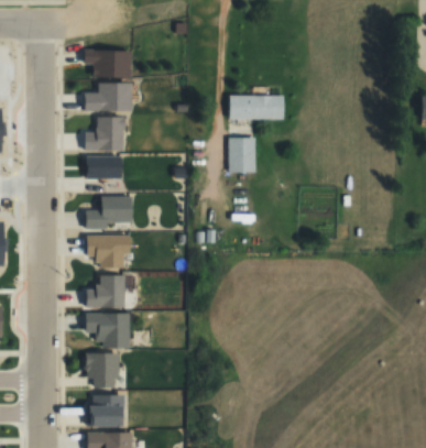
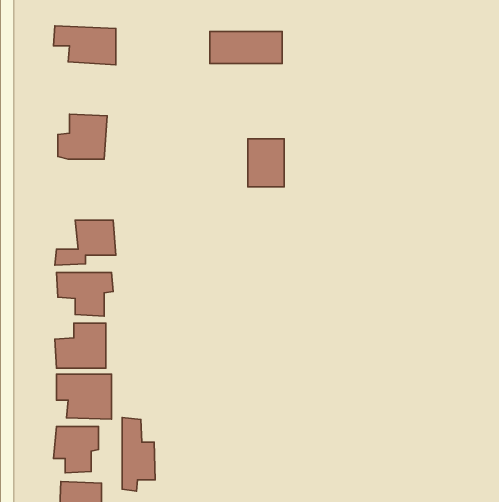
building: [85,85,130,108] -> none
building: [232,94,287,118] -> [210,32,282,64]
building: [86,156,120,176] -> none
building: none -> [122,418,155,491]

